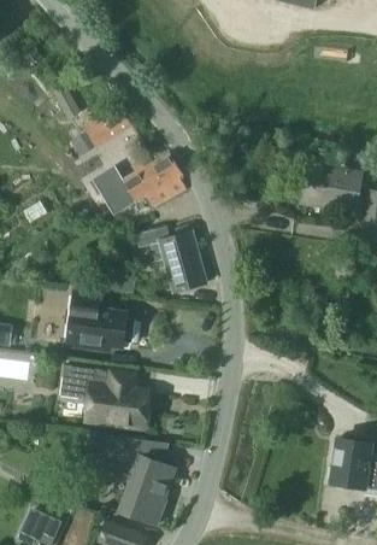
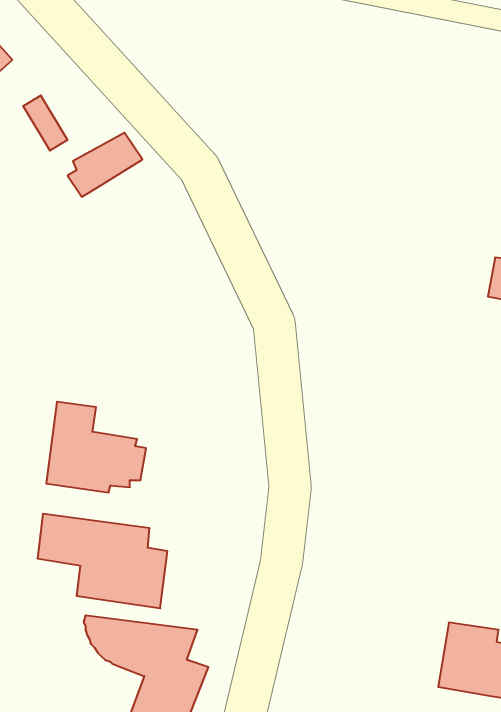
building: [108,152,184,210] -> none
building: [301,164,361,211] -> none
building: [149,232,206,293] -> none

